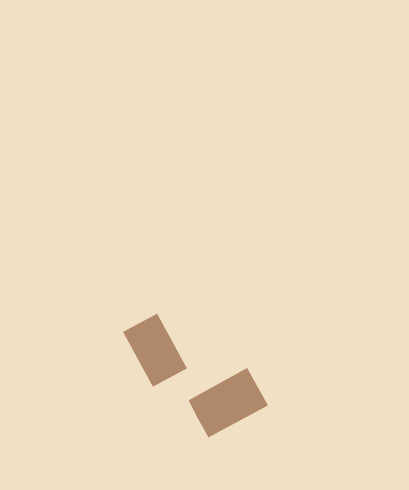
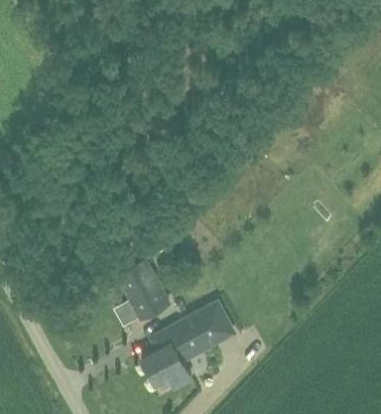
building: none -> [141,342,190,388]

